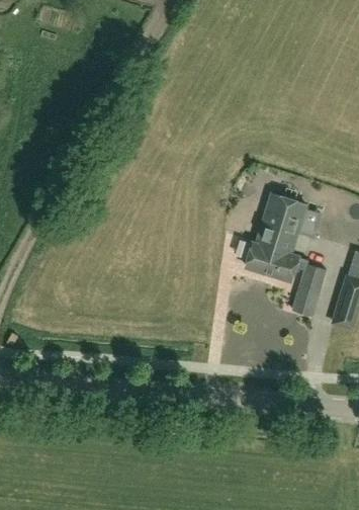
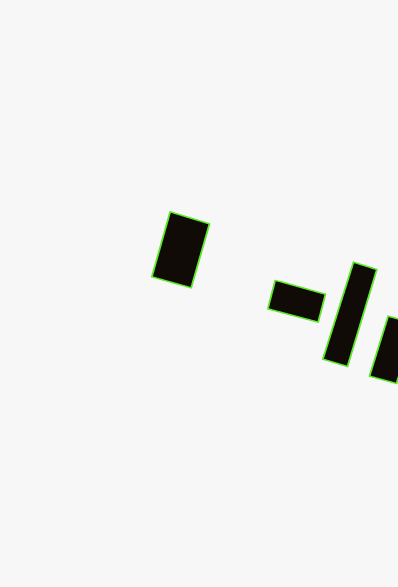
building: [257,193,304,256] -> [152,212,210,288]

